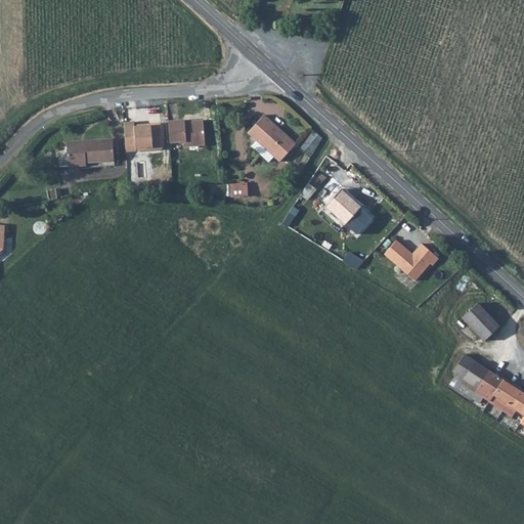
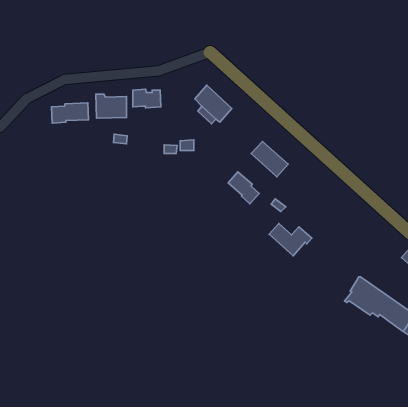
building: none -> [228,172,259,204]
building: [384,237,438,278] -> [269,224,312,256]
building: [461,307,496,342] -> none

